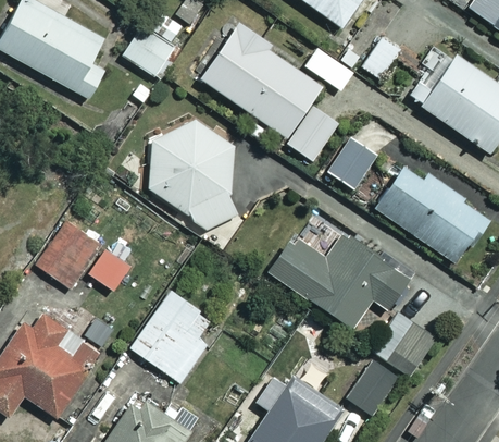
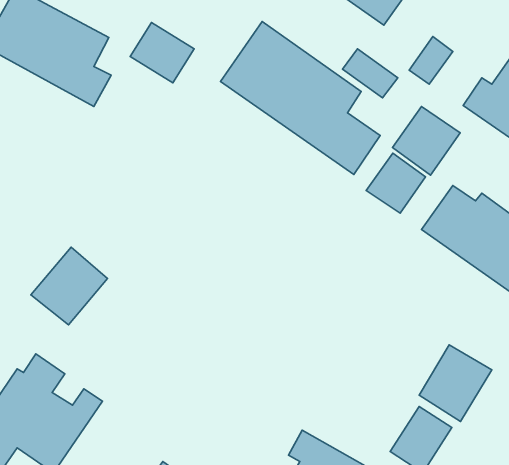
building: none -> [393,106,460,175]
building: [150,120,236,229] -> none
building: [269,234,411,328] -> none
building: [130,290,213,383] -> none

